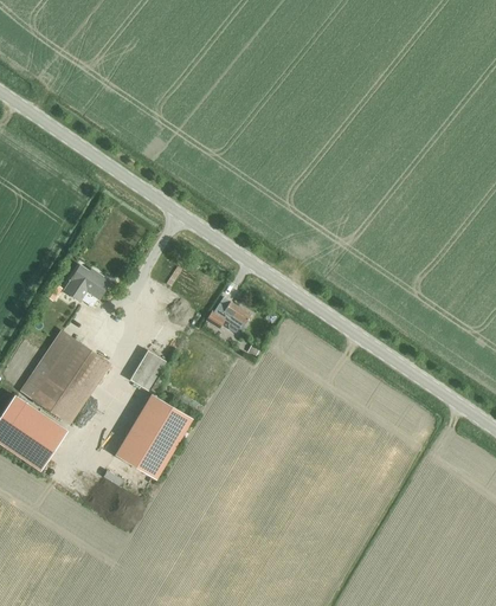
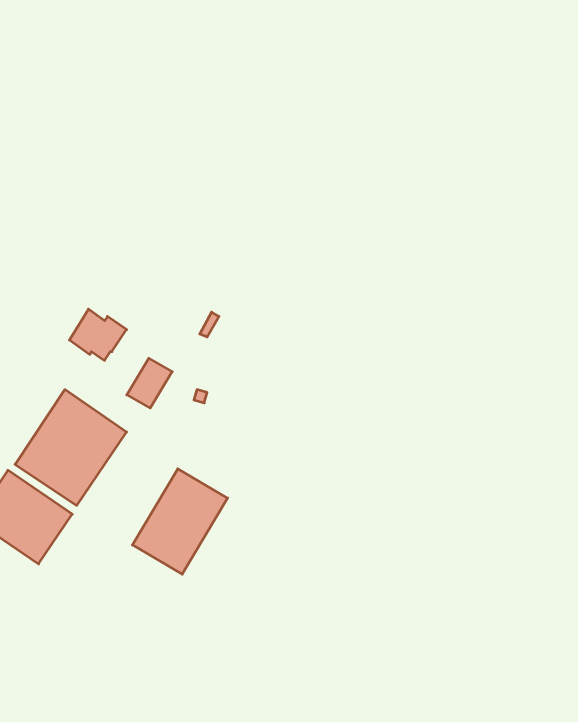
building: [206,296,251,331] -> none
building: [129,349,166,389] -> [127,358,172,408]

